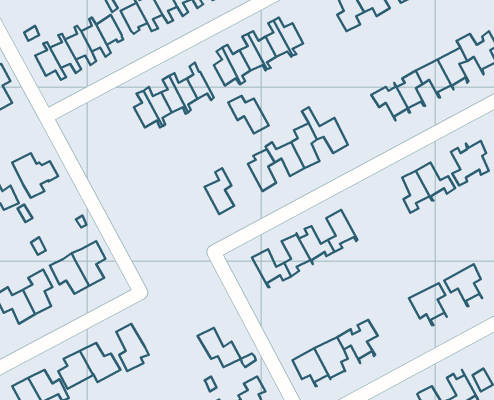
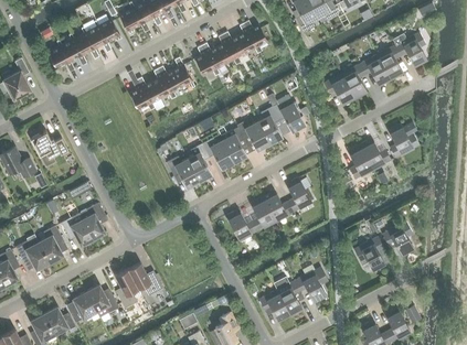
building: [228,96,269,134] -> [201,138,234,169]
building: none -> [166,157,199,187]
building: [198,328,241,367] -> [127,263,162,295]

